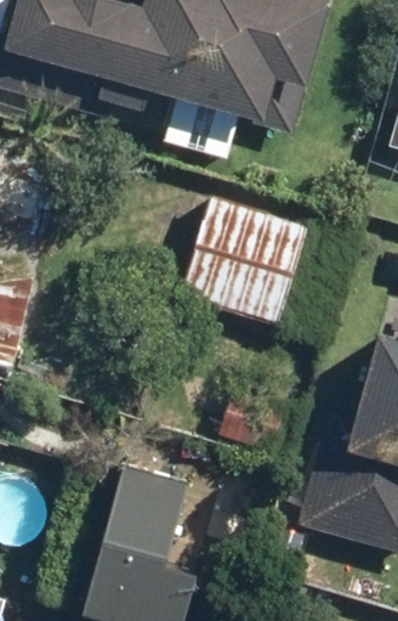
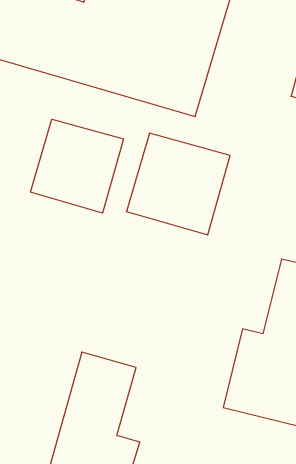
building: none -> [30,119,124,213]

